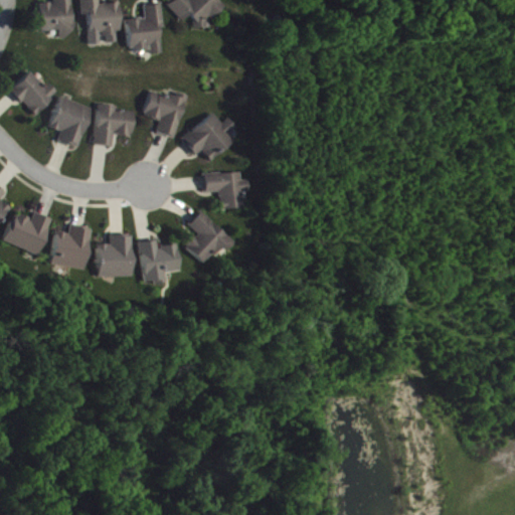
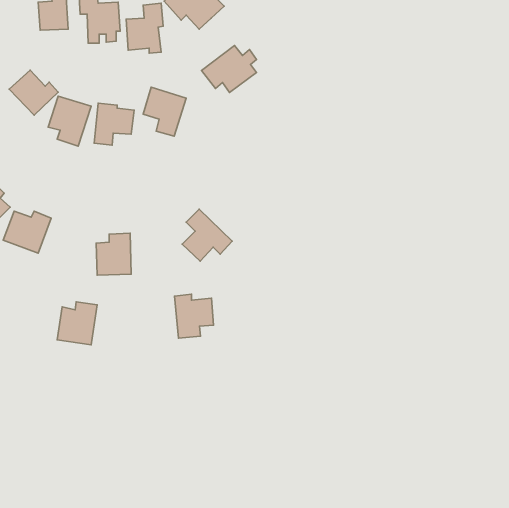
building: [181,113,236,160] -> [202,46,257,93]
building: [203,172,248,208] -> none
building: [50,225,91,269] -> [57,302,97,345]
building: [139,239,178,284] -> [175,294,214,338]

